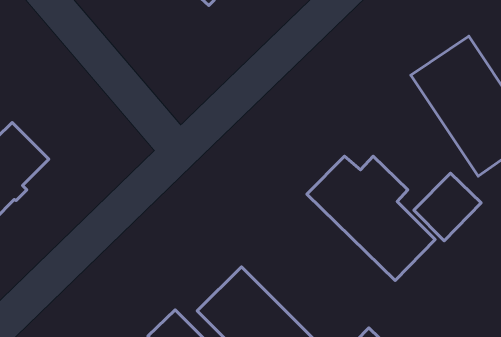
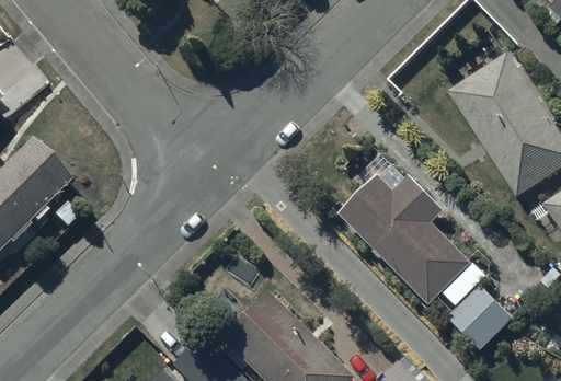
building: [414,173,481,241] -> [439,286,510,356]

